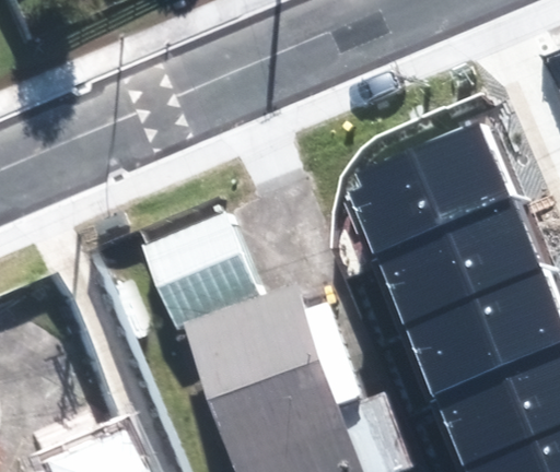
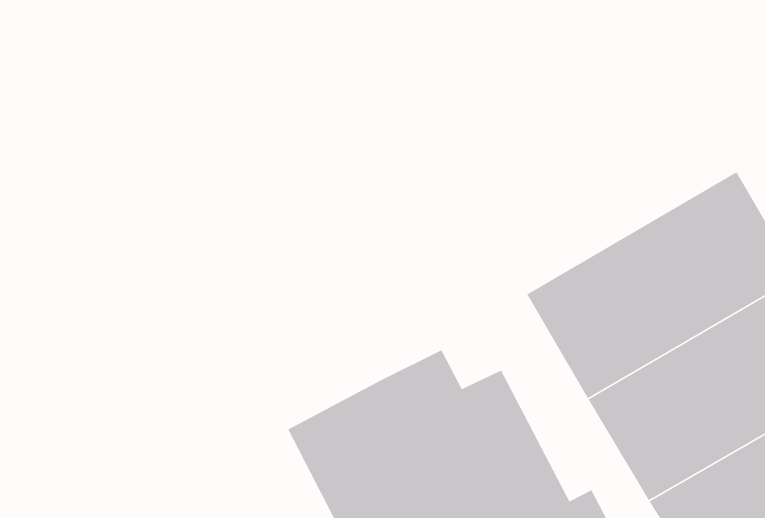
building: [339,121,513,257] -> none
building: [145,216,261,330] -> none

